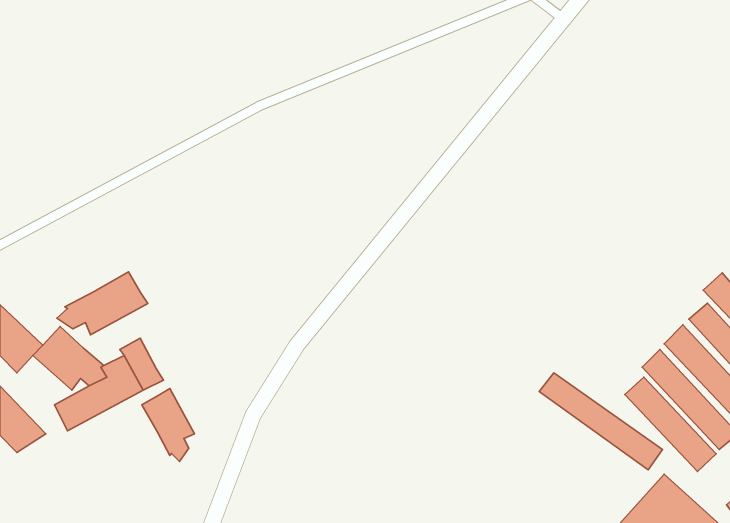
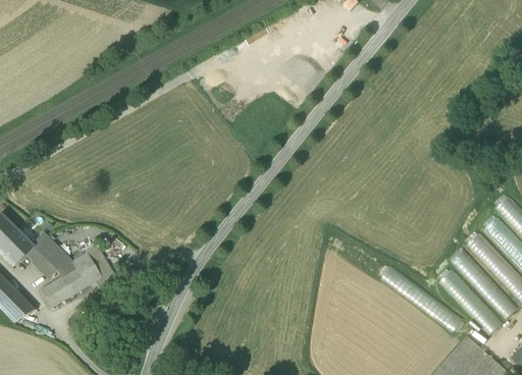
building: [57,272,148,335] -> none
building: [142,388,195,462] -> none

